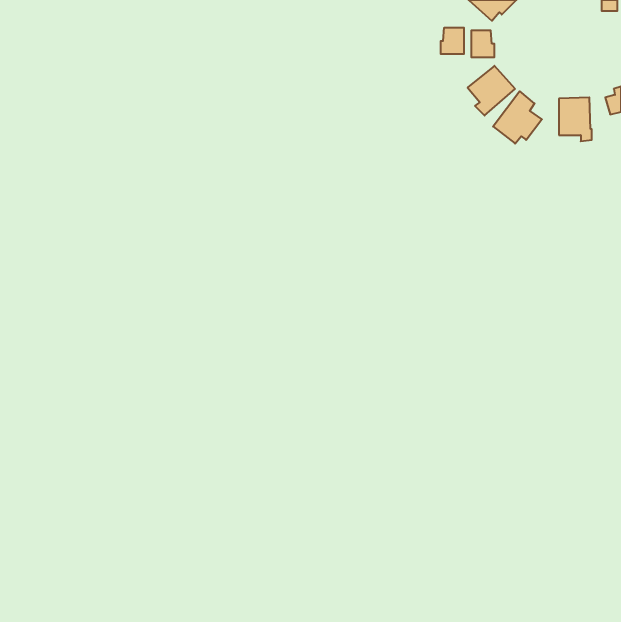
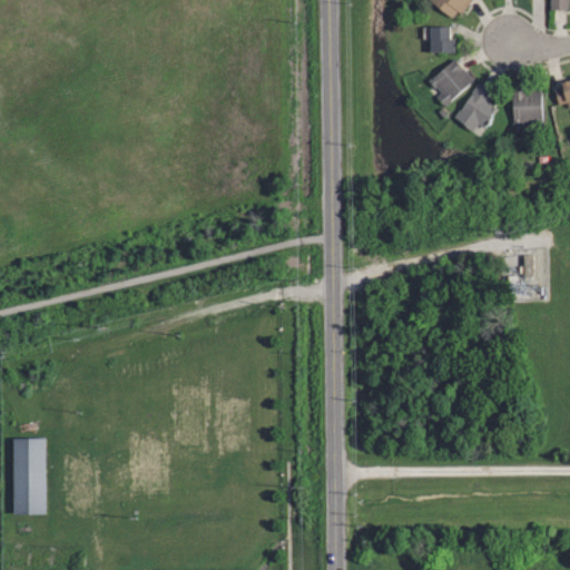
building: [441,28,464,54] -> none
building: none -> [19,438,52,514]

